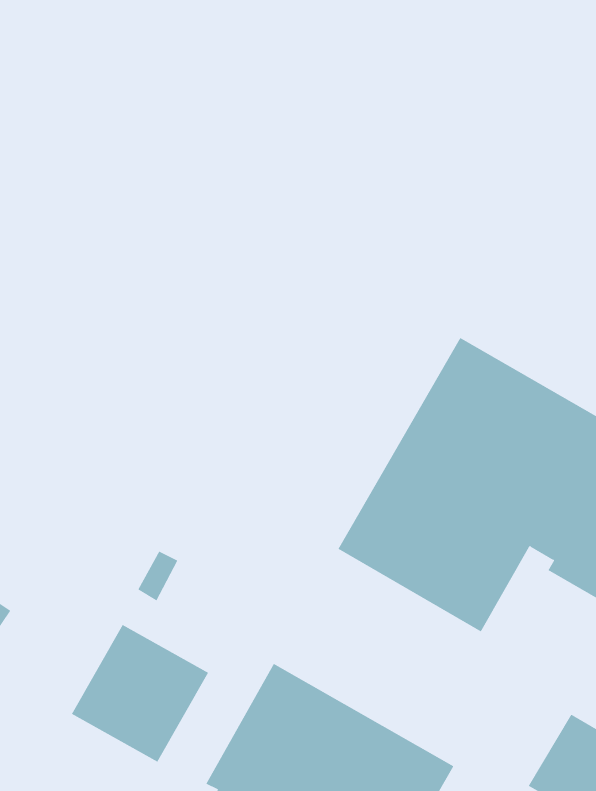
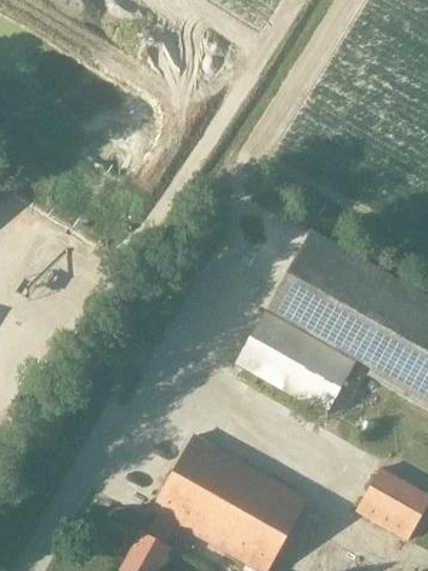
building: [71,624,209,763] -> none

